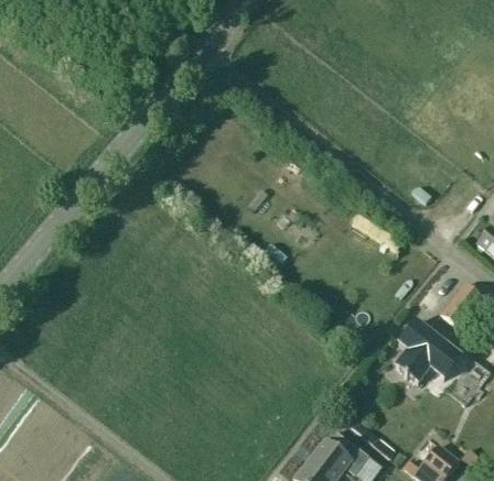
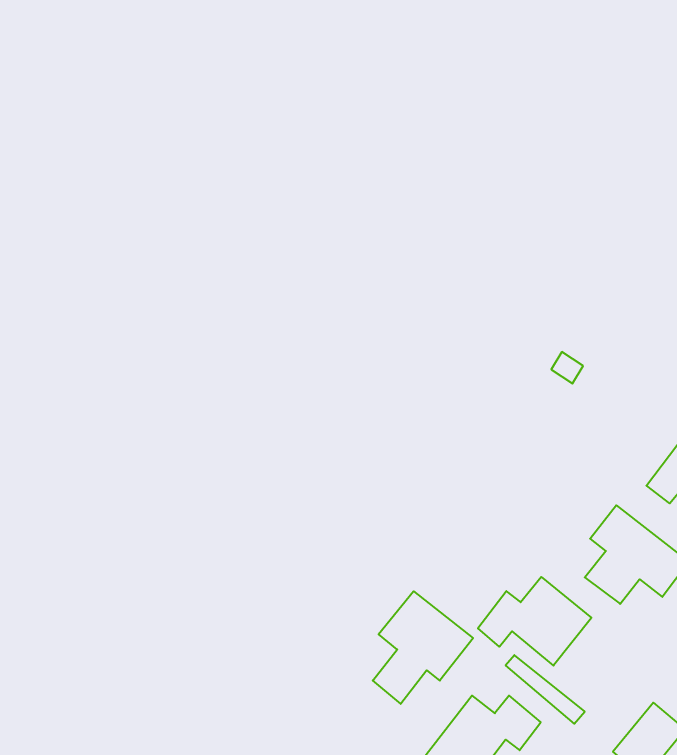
building: none -> [478,577,591,666]
building: none -> [373,591,473,704]

